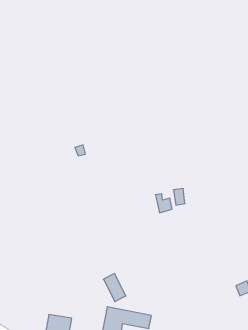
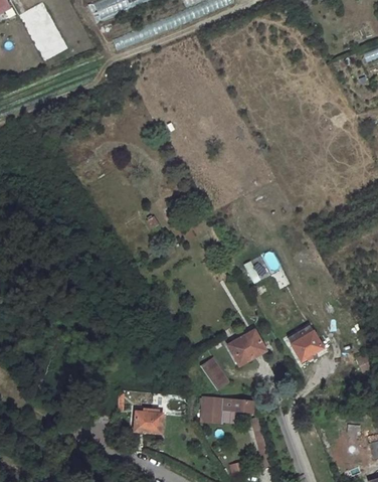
building: none -> [224,328,263,362]
building: none -> [289,329,320,358]

